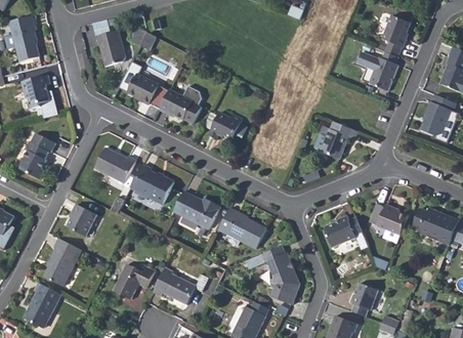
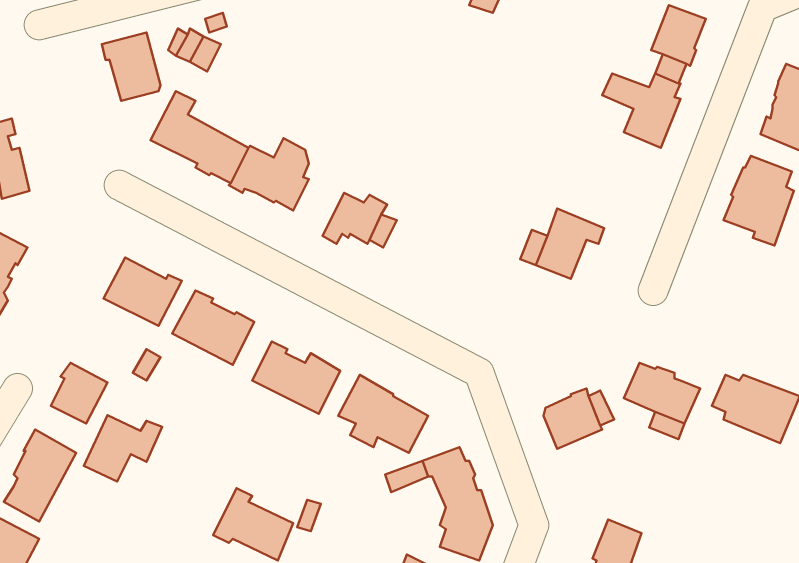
building: [114,264,155,299] -> [84,415,162,482]

